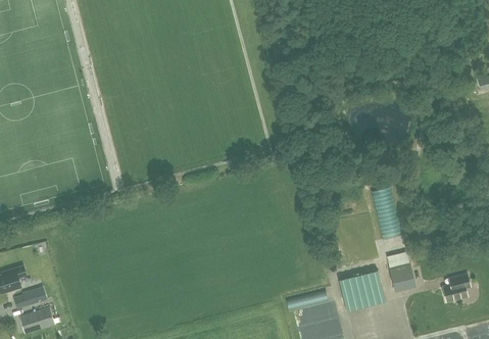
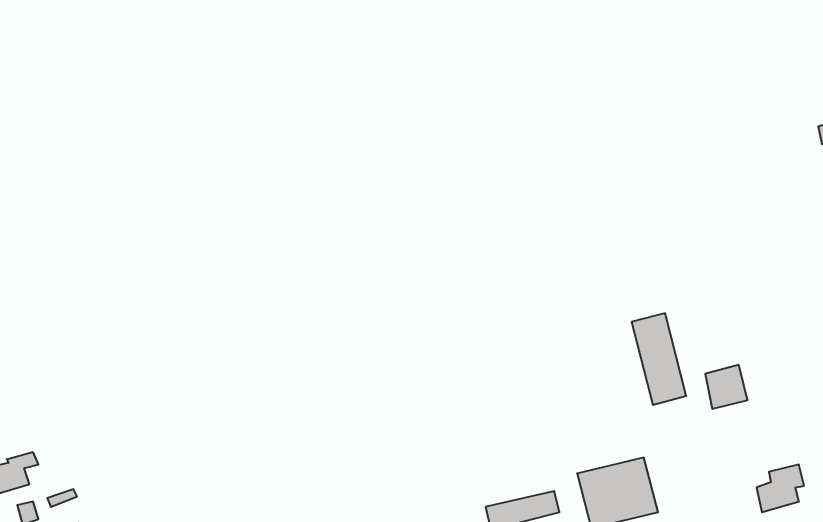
building: [389,261,413,287] -> [705,365,748,409]

